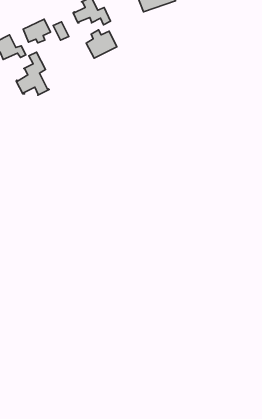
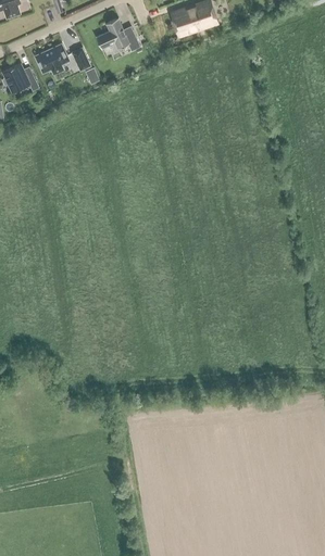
building: [86,30,117,58] -> none
building: [16,52,49,95] -> none

